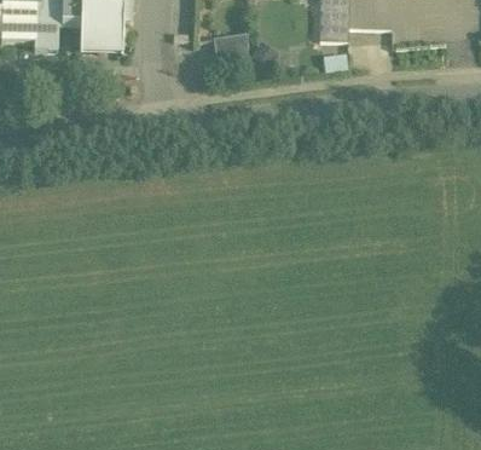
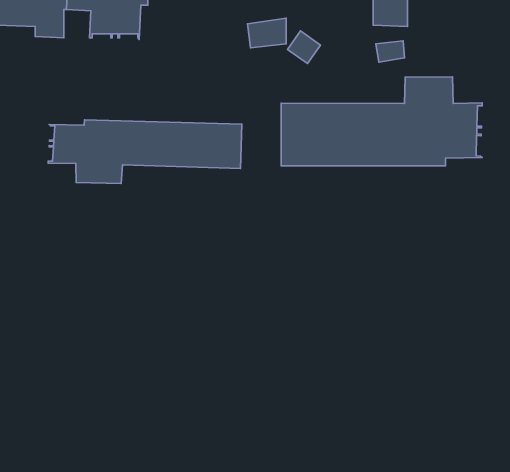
building: none -> [281,77,482,166]
building: none -> [48,120,242,184]

